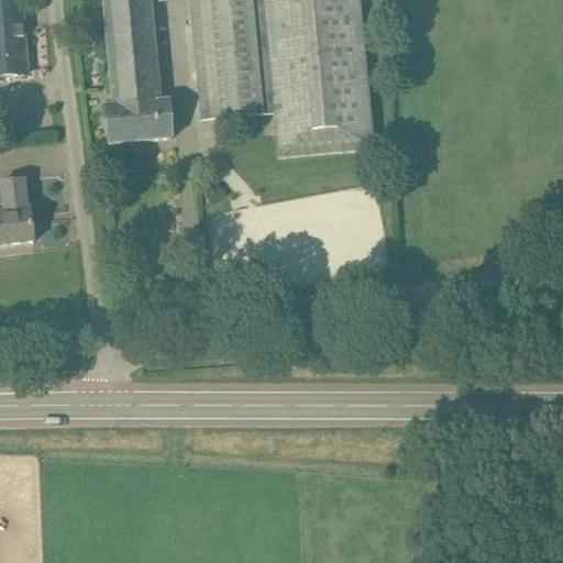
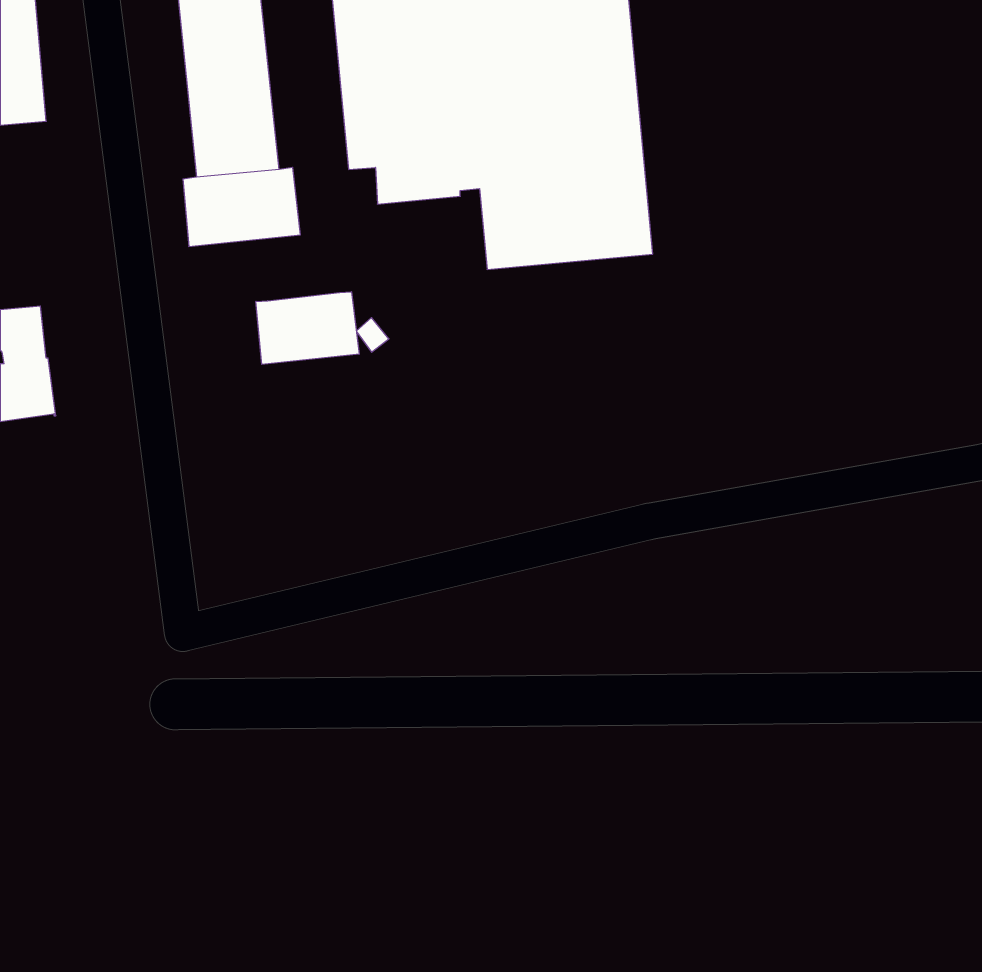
building: none -> [256,292,359,364]

